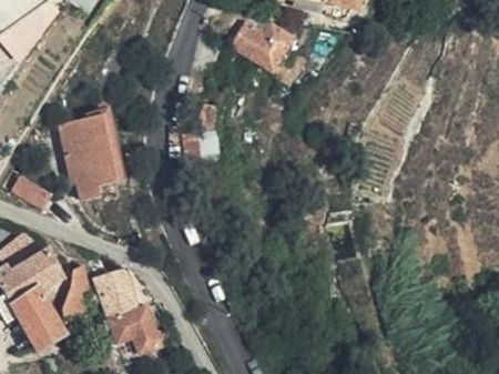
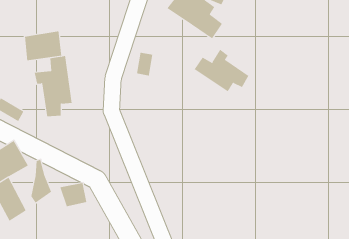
building: none -> [25,30,62,61]
building: none -> [194,49,249,92]
building: [111,300,160,344] -> none

